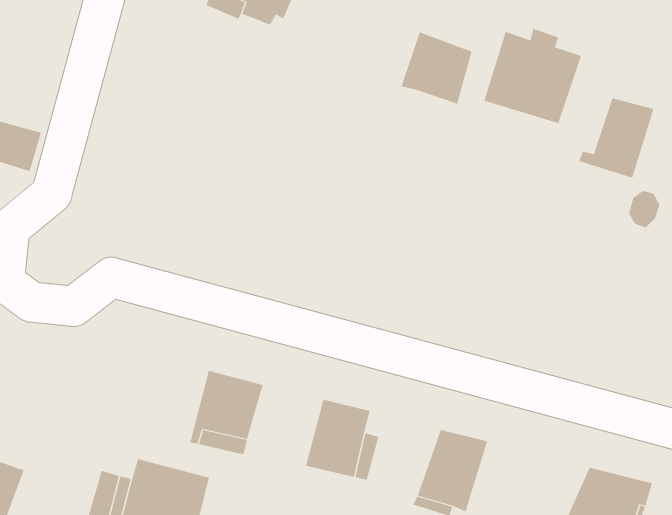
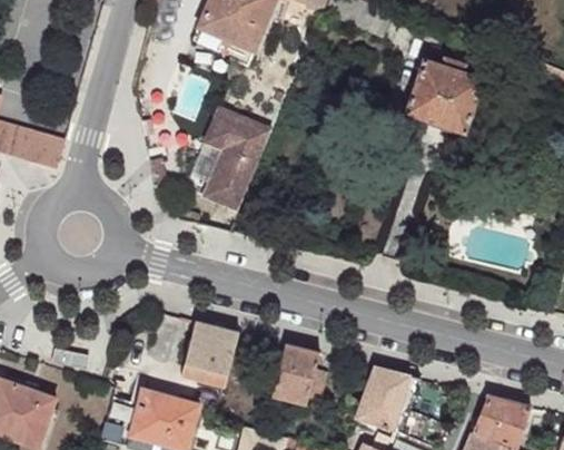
building: [401,32,472,104] -> none
building: none -> [206,107,274,208]
building: [579,97,654,178] -> none

